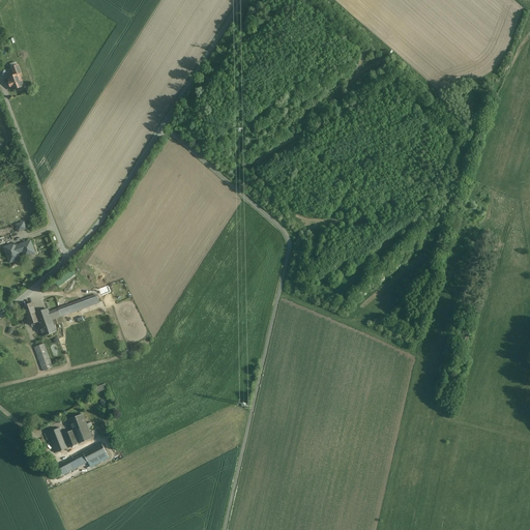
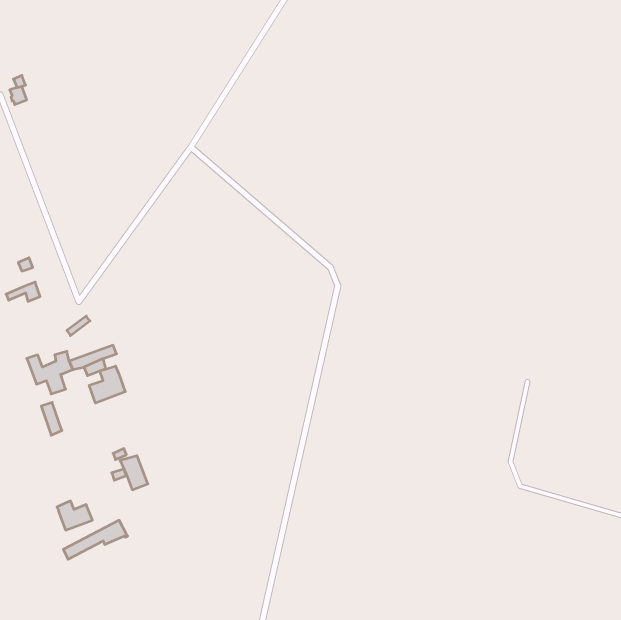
building: none -> [89,366,125,403]
building: [68,414,92,443] -> [120,456,148,490]

